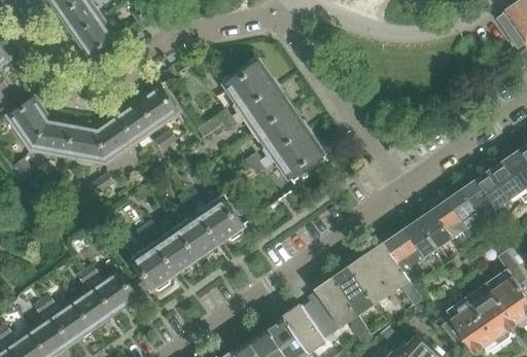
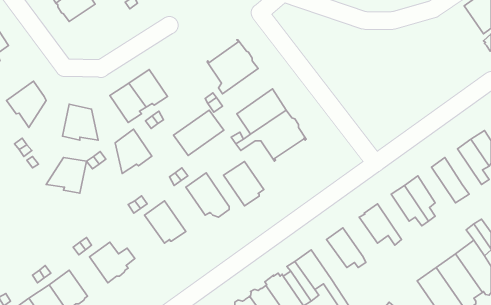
building: [74,15,114,56] -> none
building: [238,84,291,133] -> [174,110,224,155]
building: [98,113,137,160] -> [115,129,152,174]
building: [31,118,74,156] -> [46,157,87,193]
building: [476,170,515,213] -> none
building: [447,189,487,233] -> none
building: [176,211,219,258] -> [223,162,264,206]
building: [403,218,437,266] -> none
building: [133,241,176,292] -> none
building: [366,243,423,306] -> none
building: [332,266,375,309] -> none
building: [74,285,115,327] -> none

